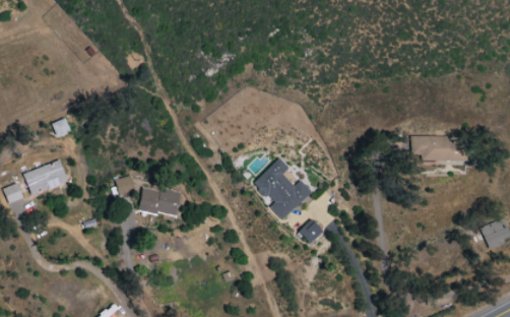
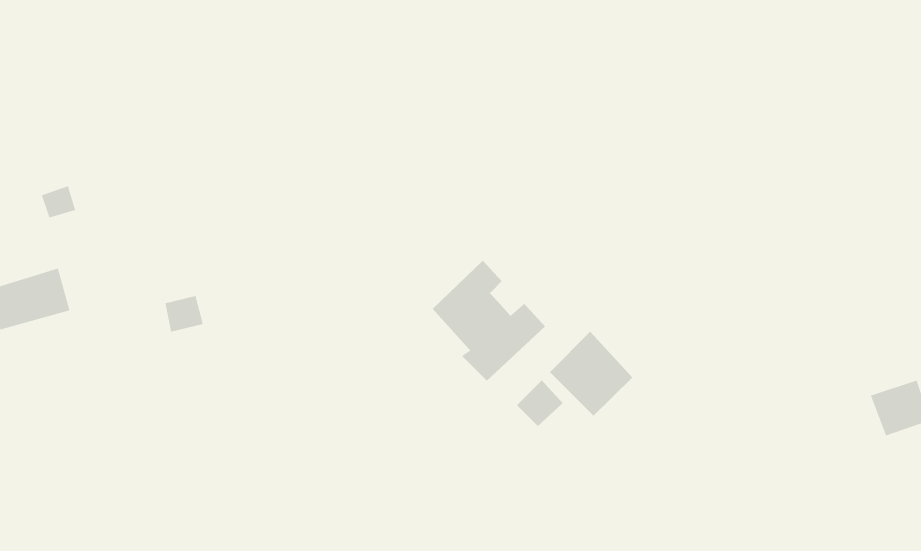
building: [413,135,464,162] -> none
building: [138,186,182,217] -> none
building: none -> [549,331,633,417]

